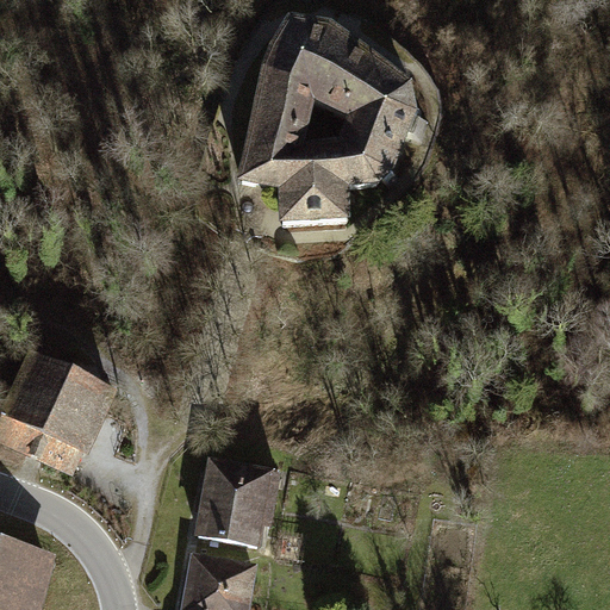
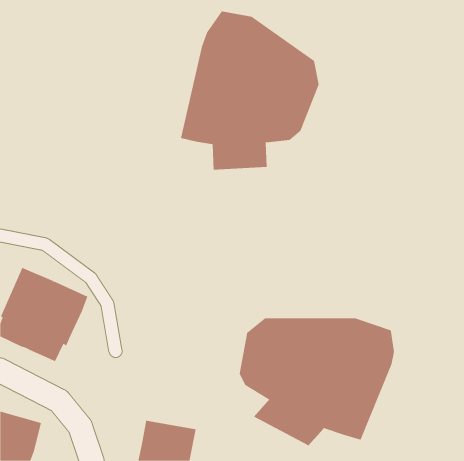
building: none -> [239,318,394,446]
building: [193,456,281,548] -> none

